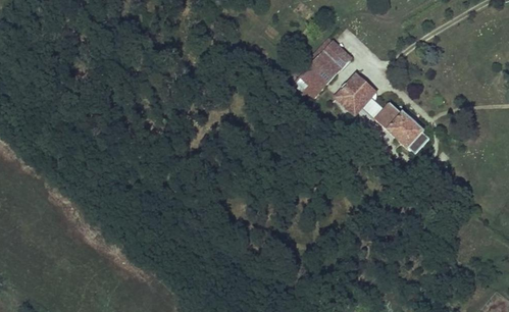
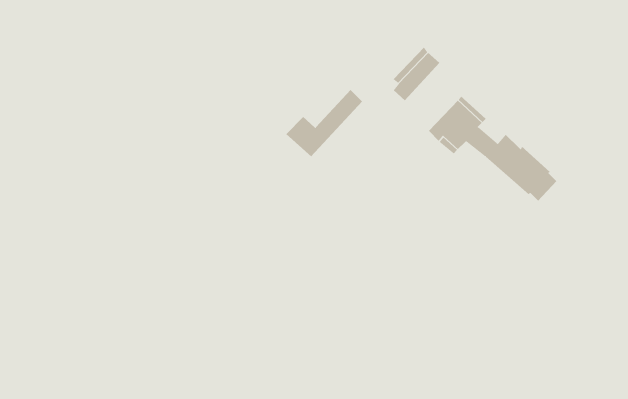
building: [293,49,351,100] -> [285,89,363,157]

